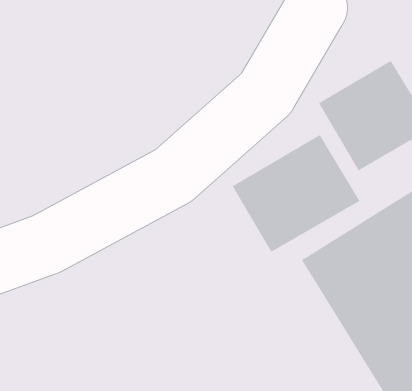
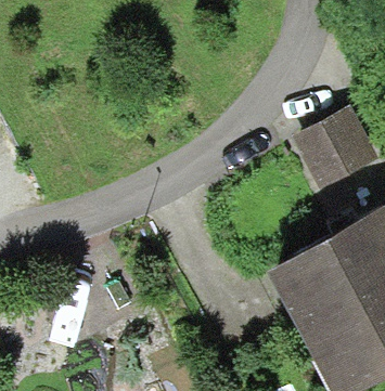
building: [232,134,360,252] -> none

